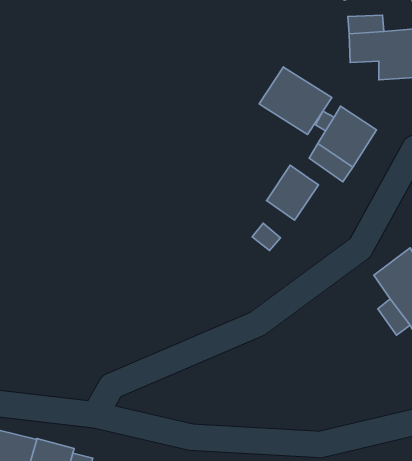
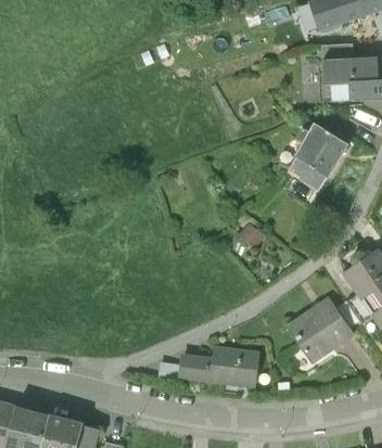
building: [259,67,332,135] -> none
building: [266,165,318,220] -> none
building: none -> [289,299,352,361]
building: none -> [180,346,258,386]

